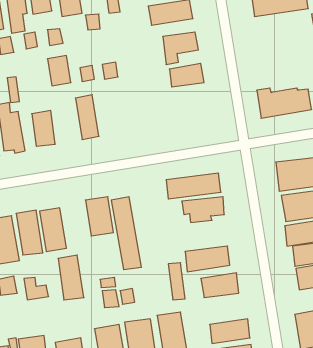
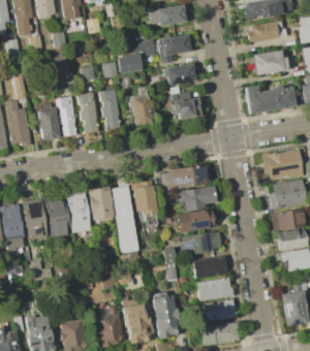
building: none -> [246,20,286,42]
building: none -> [117,38,156,73]
building: none -> [252,50,284,74]
building: none -> [129,87,152,125]
building: none -> [168,87,202,120]
building: none -> [100,89,120,129]
building: none -> [56,96,75,136]
building: none -> [131,181,156,217]
building: none -> [177,210,213,232]
building: [58,255,84,300] -> [67,191,91,232]
building: none -> [197,277,234,300]

